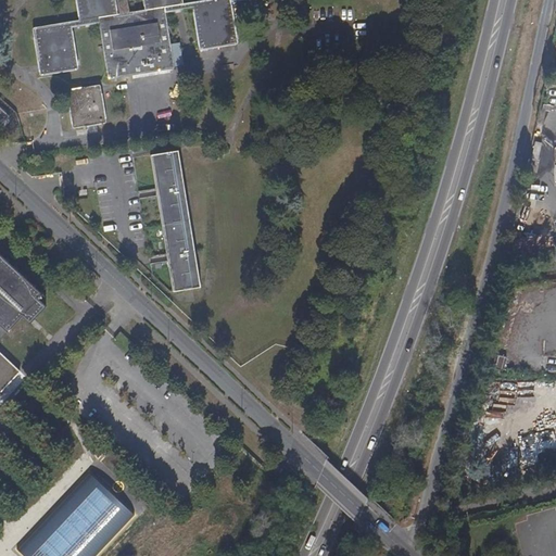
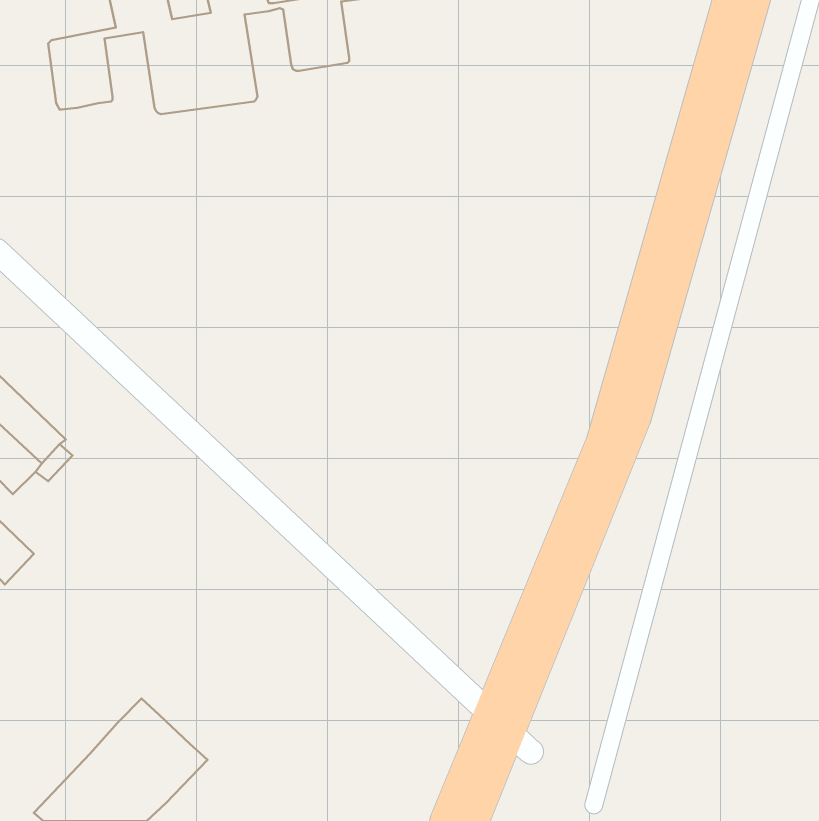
building: [65,85,105,126] -> none
building: [151,150,199,291] -> none

